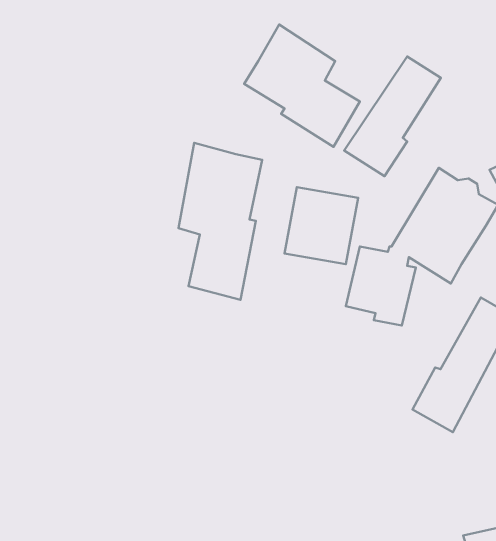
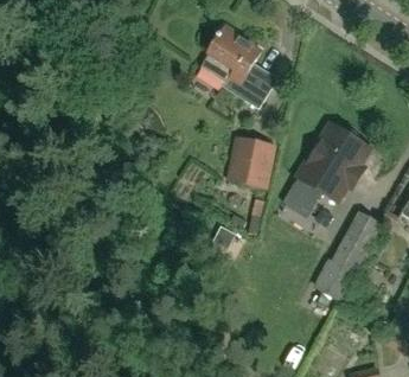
building: [344,57,441,176] -> none
building: [178,143,262,300] -> none

